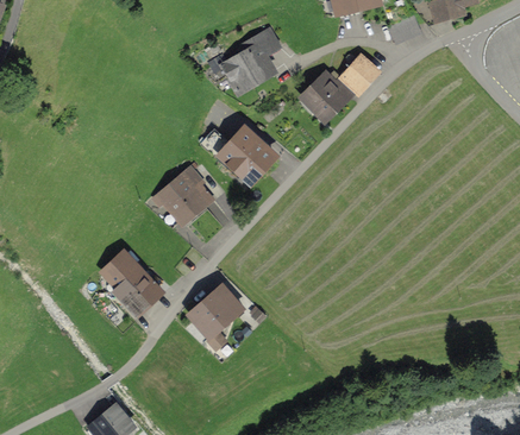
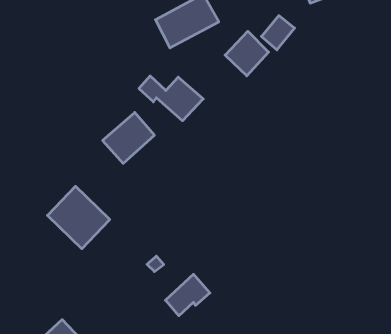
building: [194,284,245,332] -> [165,274,210,316]

